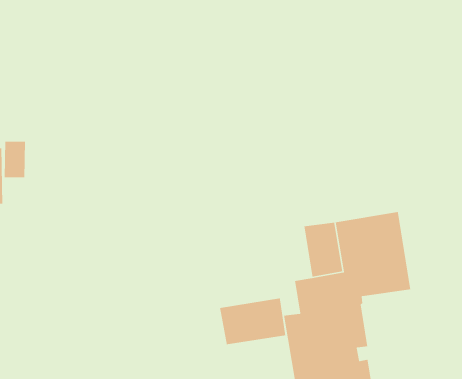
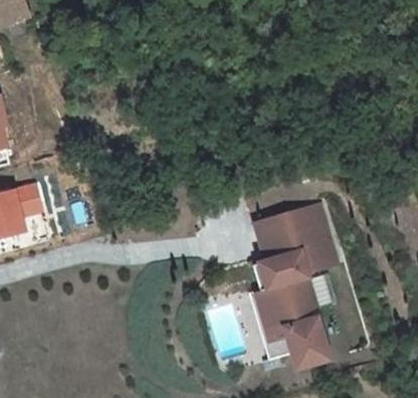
building: [219,298,286,345] -> none

